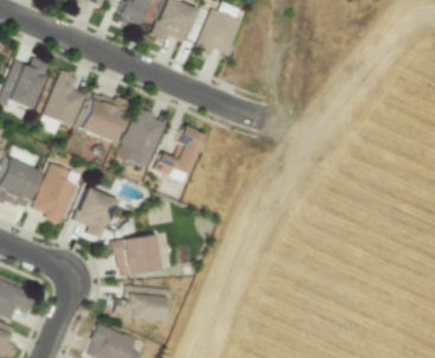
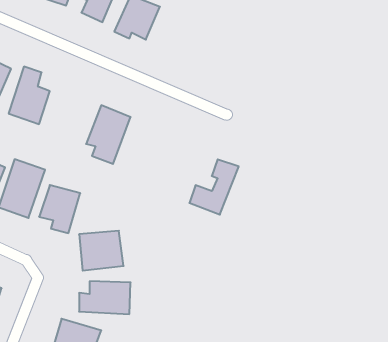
building: [196,8,242,55] -> none
building: [79,91,128,142] -> none
building: [154,126,204,181] -> [189,159,239,215]

